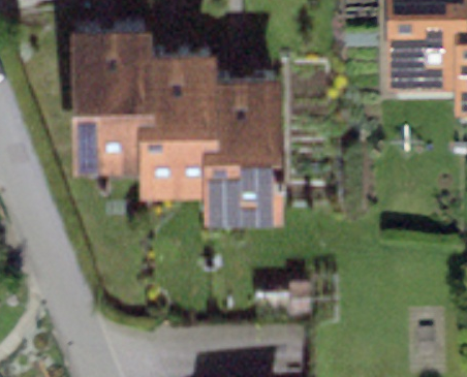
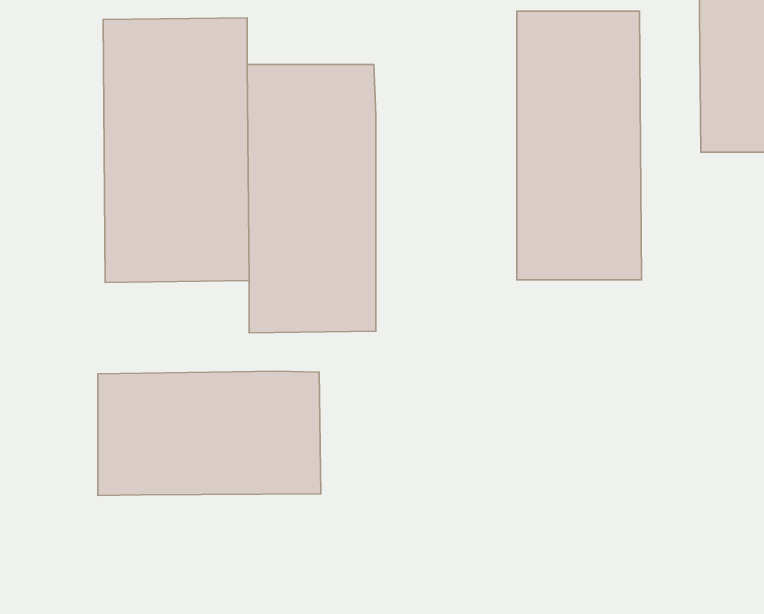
building: [219,80,285,222] -> [517,11,641,280]
building: none -> [98,371,321,496]

